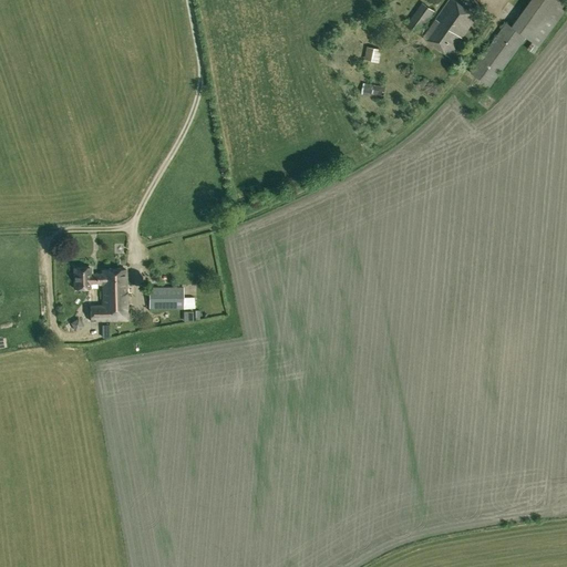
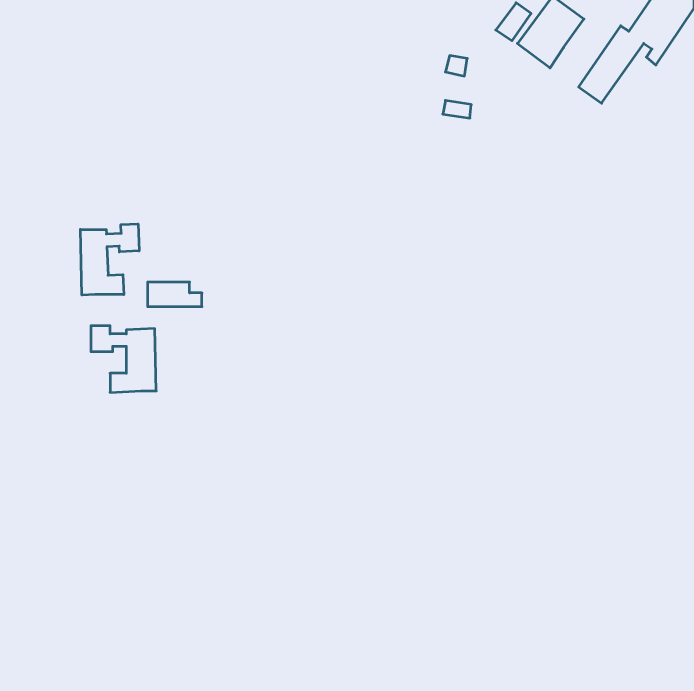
building: none -> [80,224,139,295]
building: [150,287,194,307] -> [148,282,202,307]

